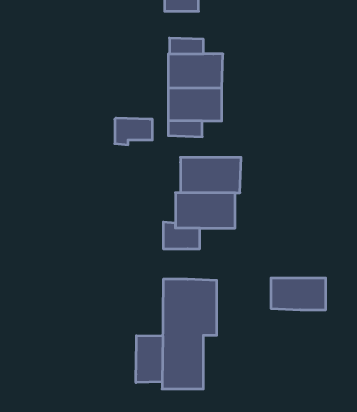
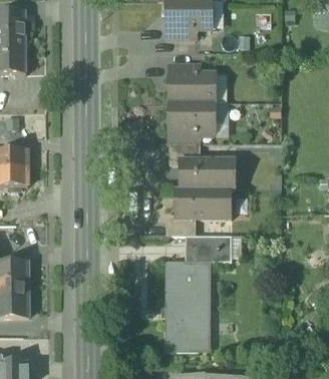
building: [115,118,152,145] -> [169,142,200,164]
building: [271,278,326,310] -> [186,236,231,262]
building: [136,336,163,383] -> none

